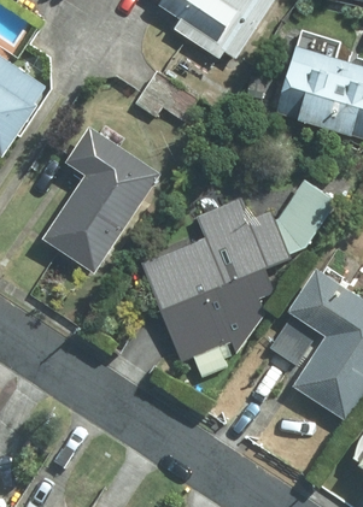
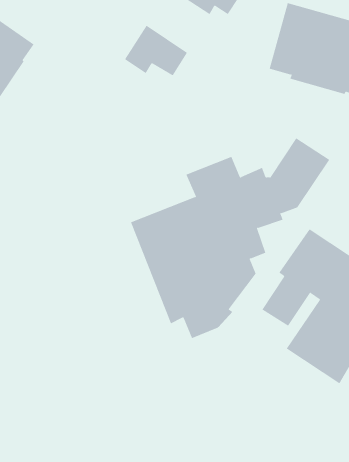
building: [41,125,160,275] -> none

